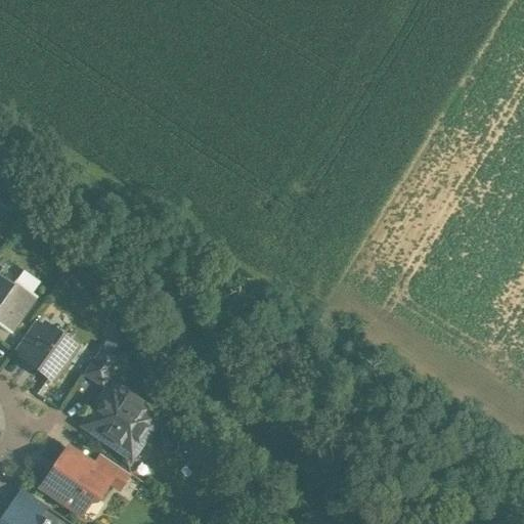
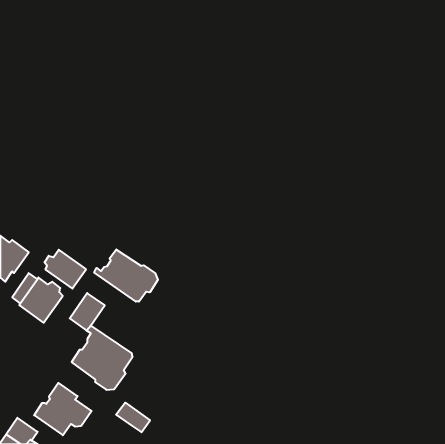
building: none -> [94,249,158,302]
building: none -> [45,250,86,289]
building: [89,454,129,489] -> [116,403,150,432]

